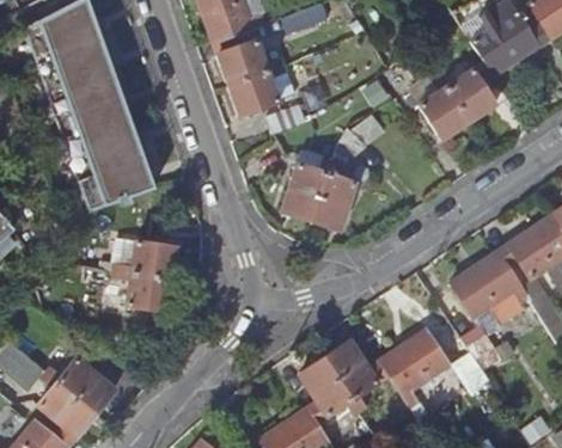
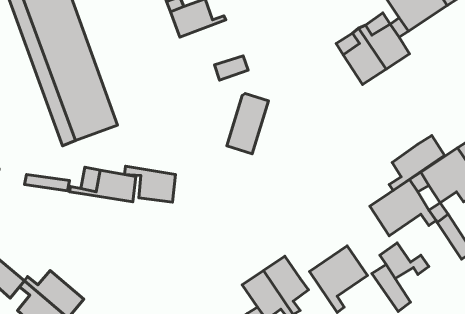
building: [227,65,292,116] -> none
building: [312,122,366,229] -> none
building: none -> [389,135,445,190]
building: [112,268,172,309] -> [125,166,176,202]

